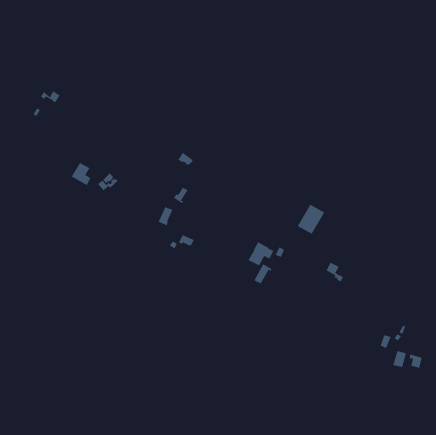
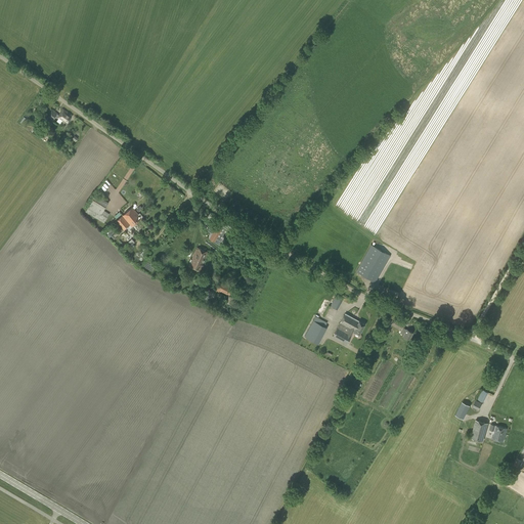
building: [248,241,274,266] -> [333,314,364,344]

